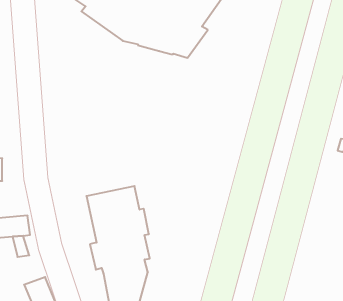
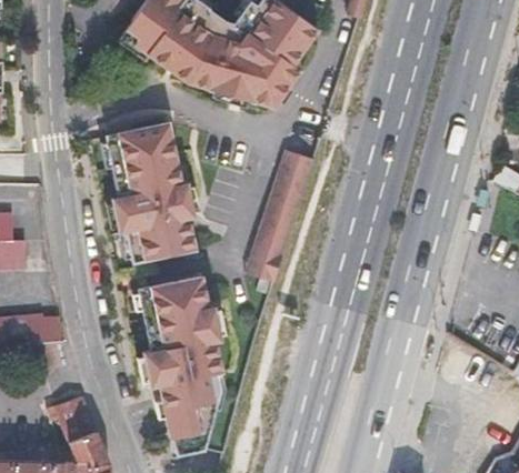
building: none -> [108,122,197,261]
building: none -> [249,150,313,282]

